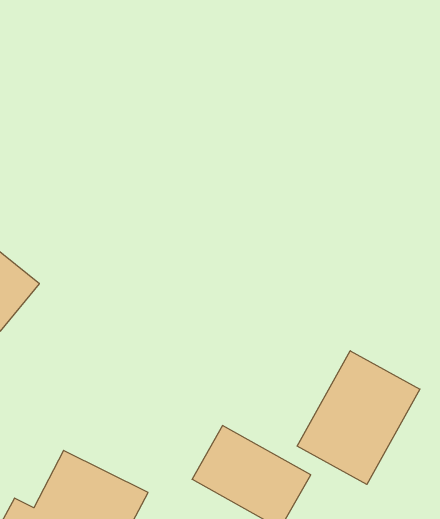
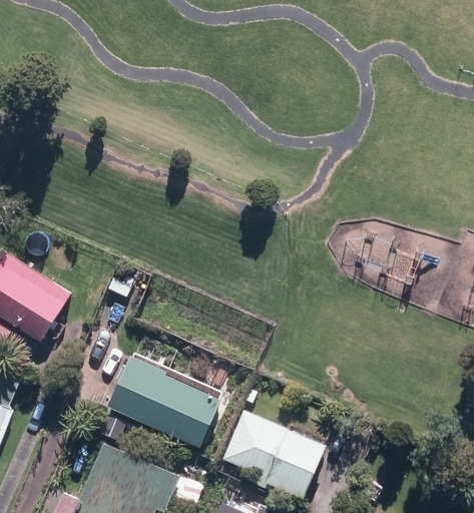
building: [297,351,420,484] -> none
building: none -> [107,357,222,447]

